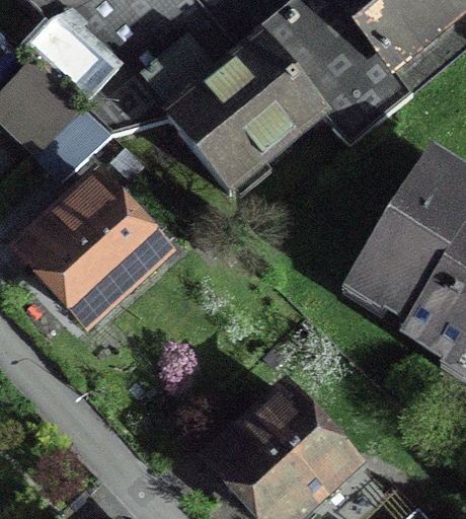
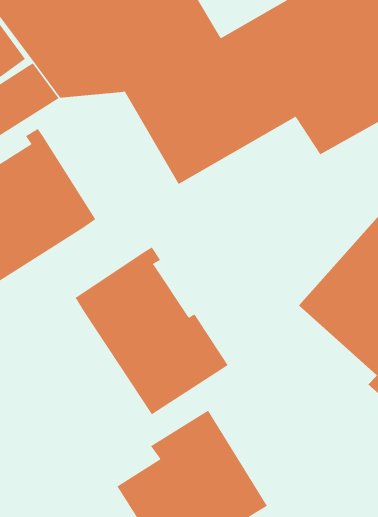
building: none -> [75,247,229,415]

